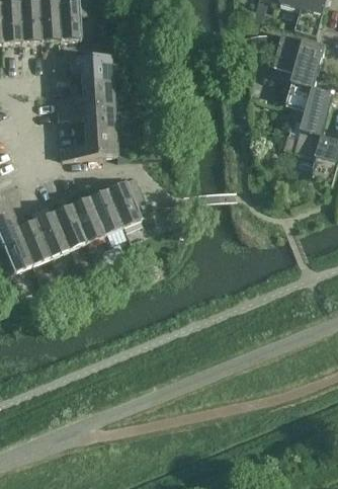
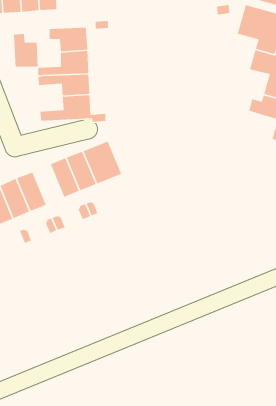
building: none -> [13,33,38,68]
building: [52,203,85,248] -> none

